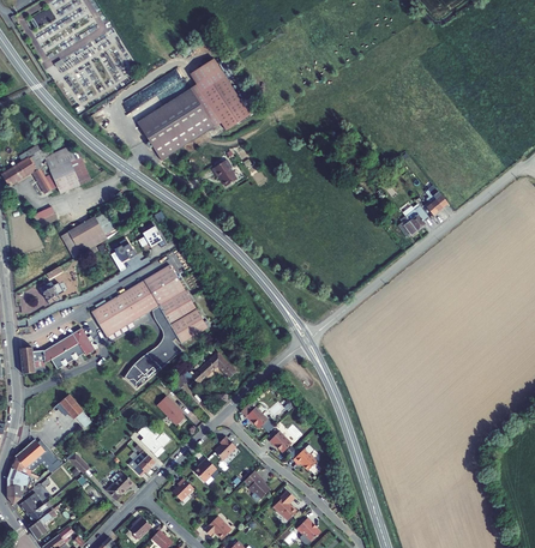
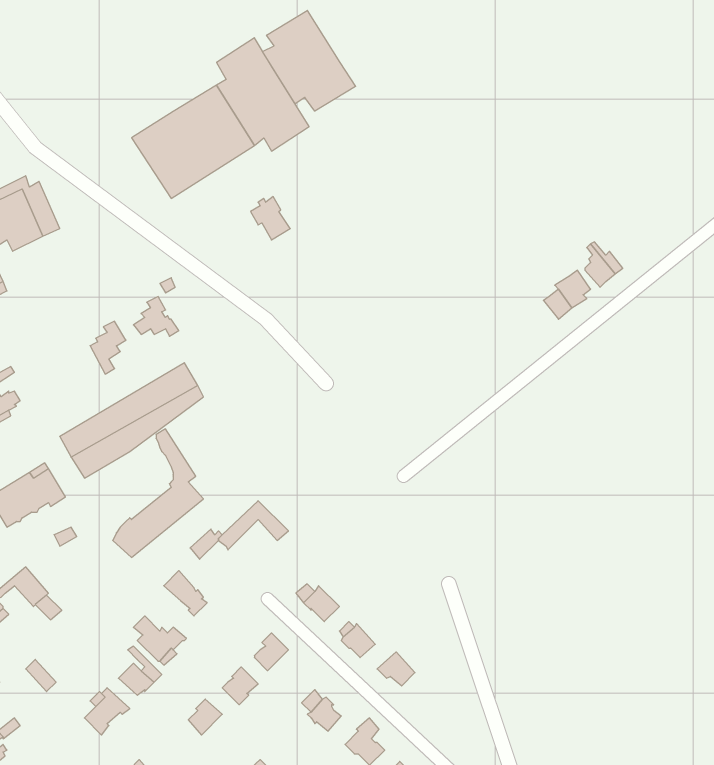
building: none -> [263,10,356,111]
building: [61,211,119,258] -> none
building: [136,285,209,343] -> none

